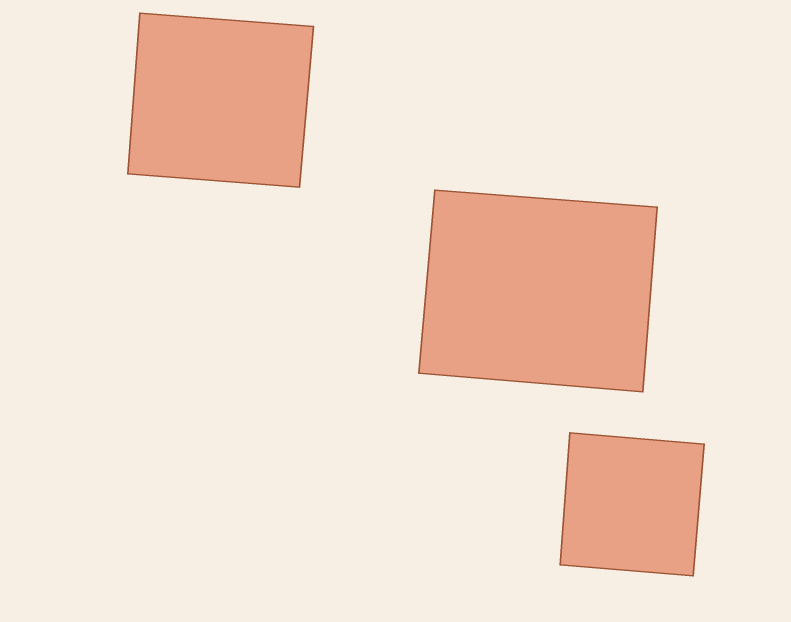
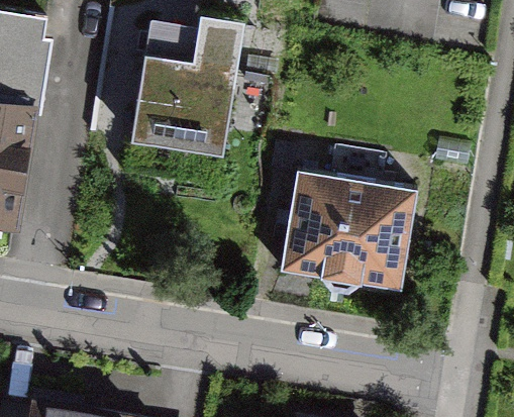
building: [560,433,704,576] -> none

